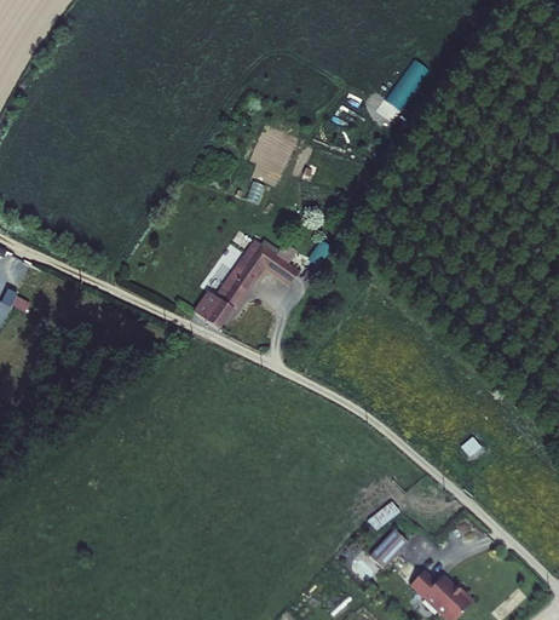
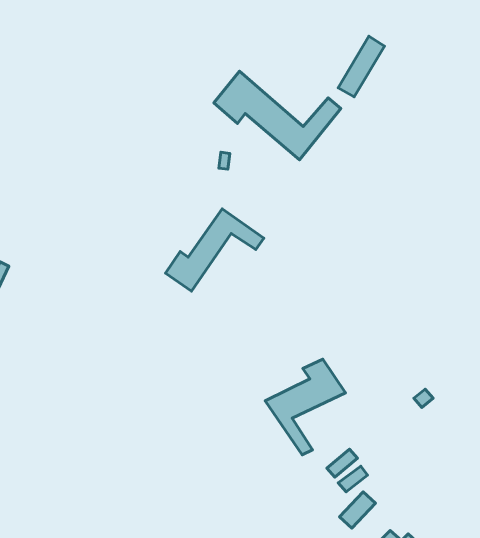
building: none -> [214,71,341,160]
building: none -> [265,359,346,455]

